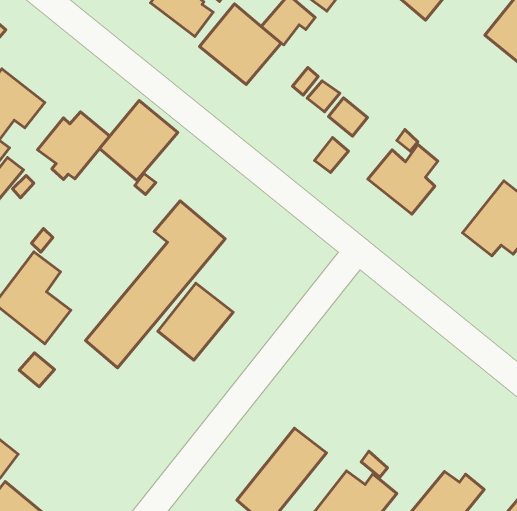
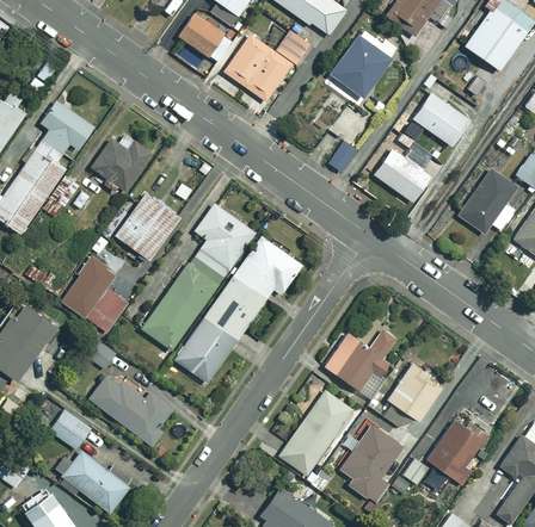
building: none -> [331,30,399,98]
building: none -> [413,93,471,147]
building: [100,101,178,180] -> [116,193,182,261]
building: none -> [233,235,301,296]
building: none -> [173,316,235,382]
building: none -> [325,330,398,390]
building: none -> [90,372,174,447]
building: none -> [388,365,443,421]

